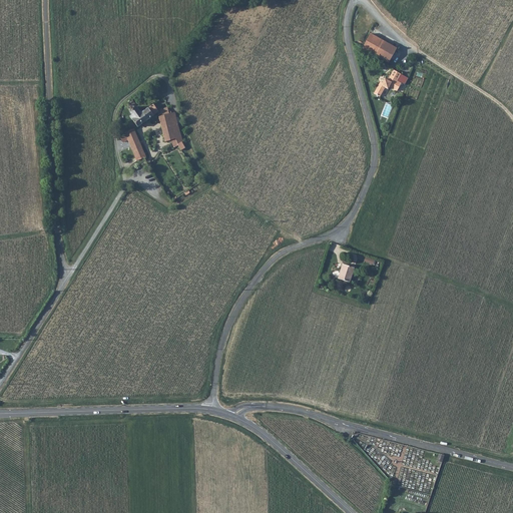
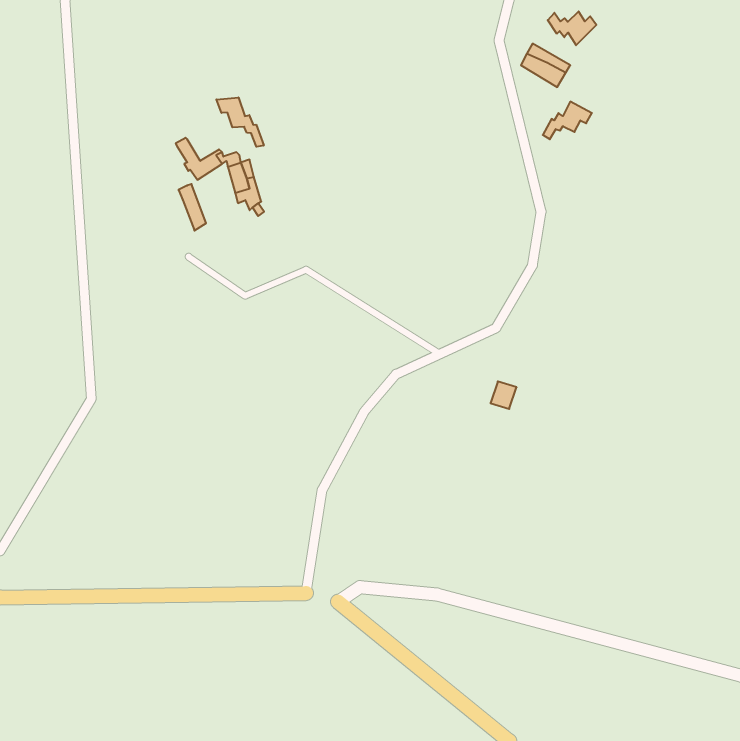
building: none -> [548,11,596,45]
building: none -> [216,97,264,147]

